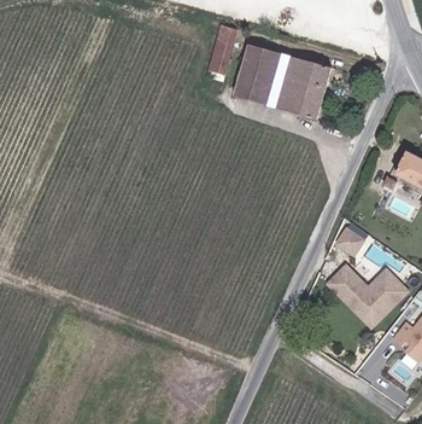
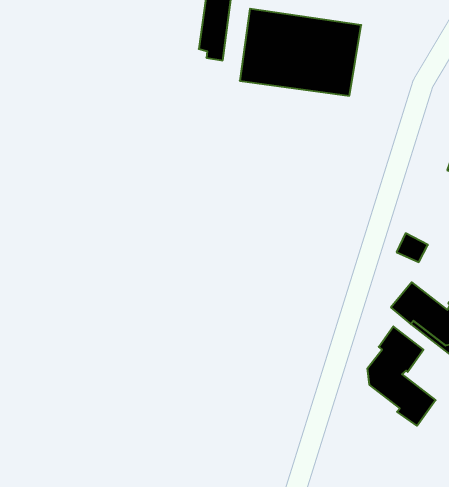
building: none -> [368,326,436,426]

